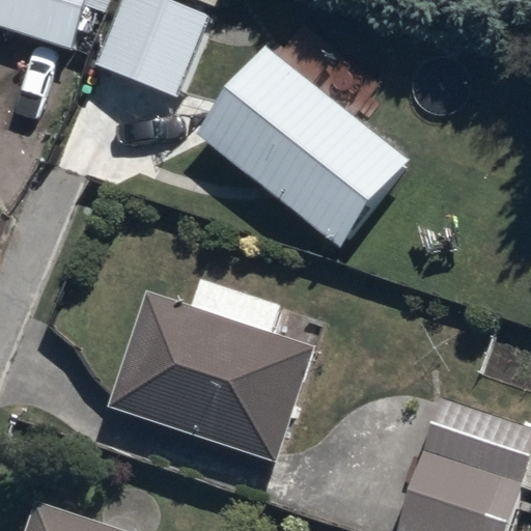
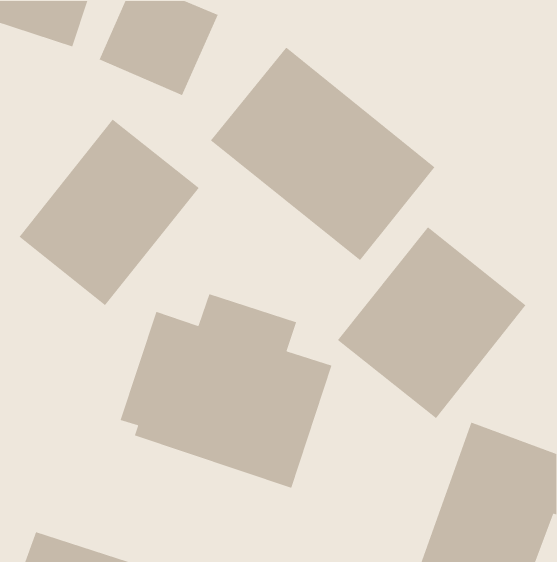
building: none -> [19,119,200,306]
building: none -> [337,226,526,419]

